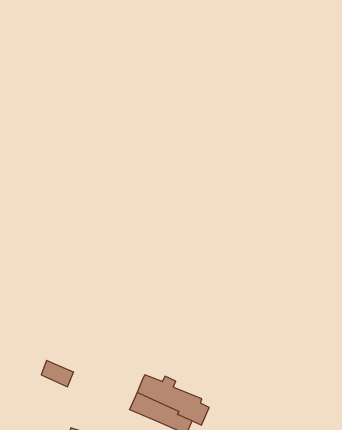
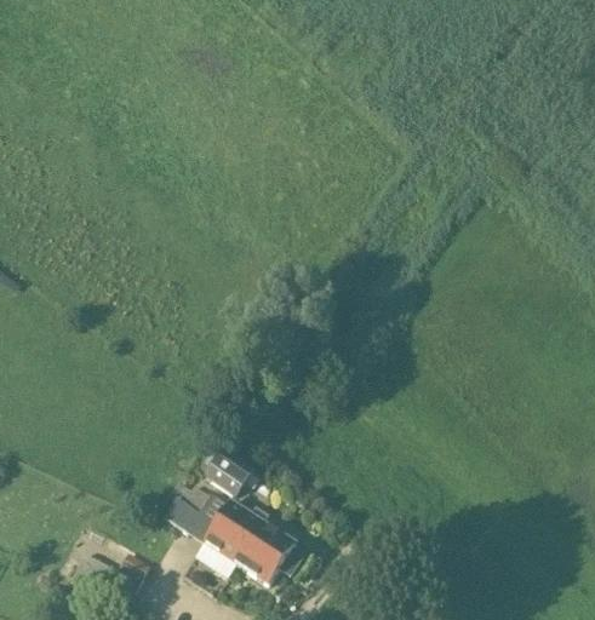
building: none -> [212,455,254,498]
building: [41,360,74,387] -> [161,493,202,530]

